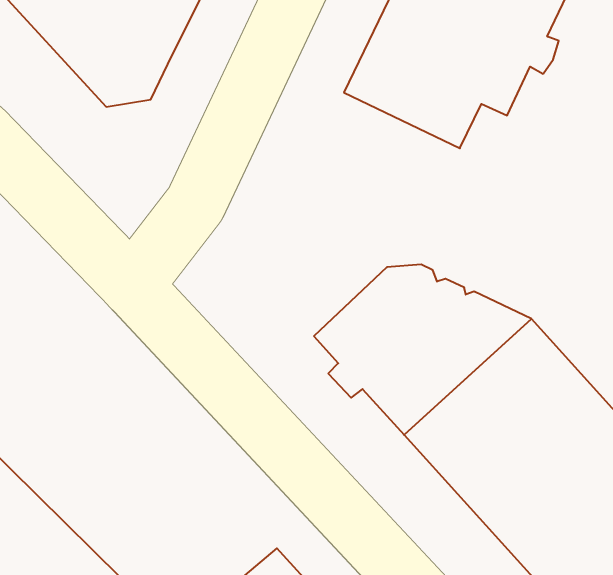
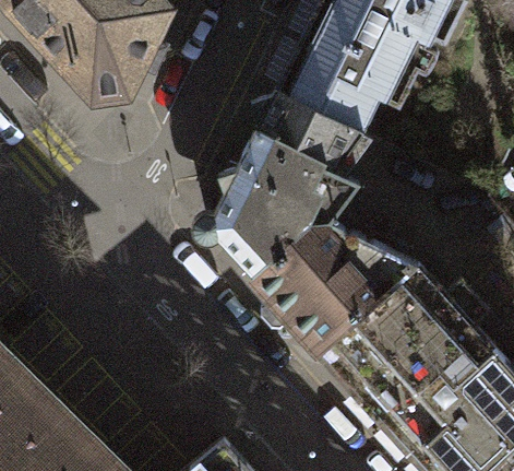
building: none -> [210,86,366,272]

